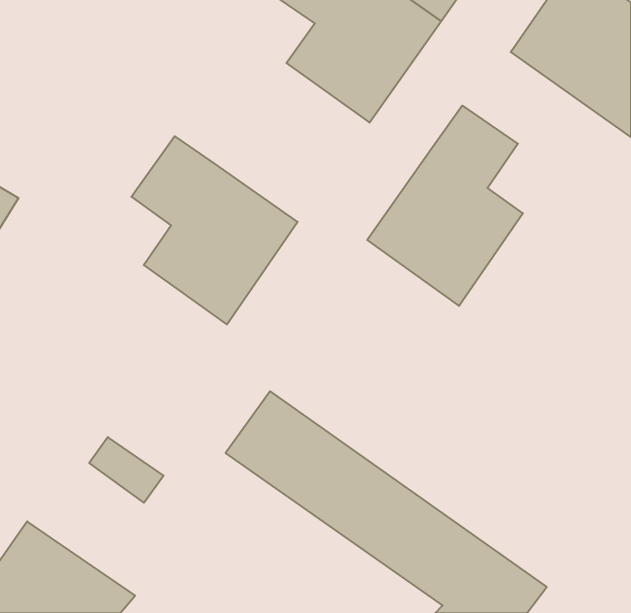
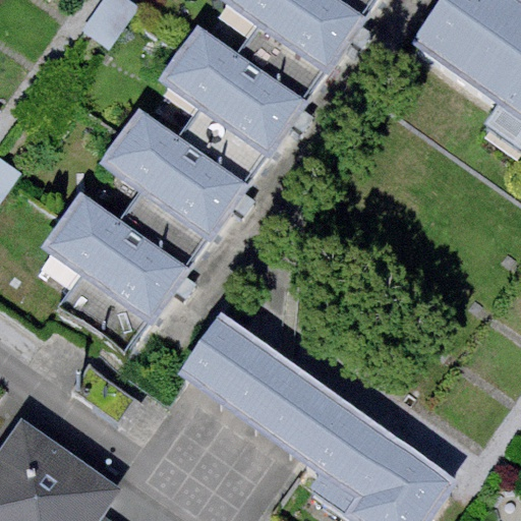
building: none -> [166,28,303,182]
building: [367,106,523,306] -> none
building: none -> [48,194,186,353]

